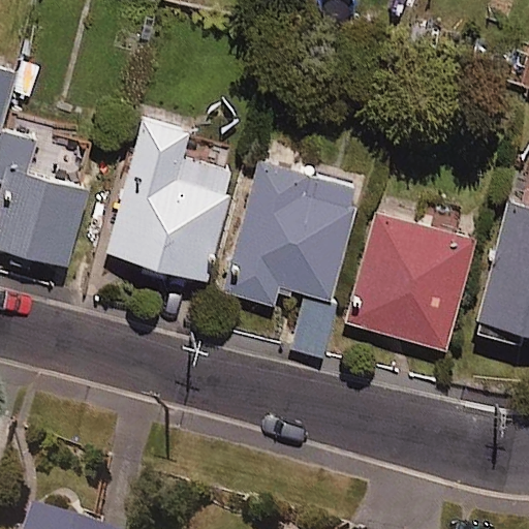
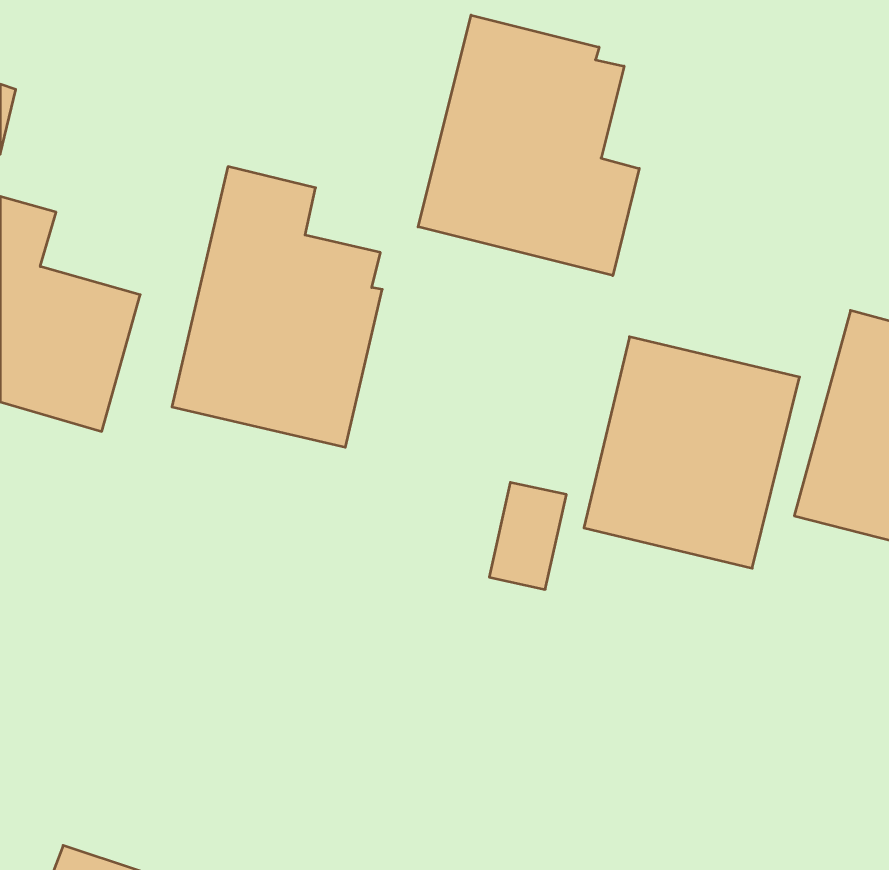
building: none -> [418,15,639,276]
building: [225,159,359,311] -> none

